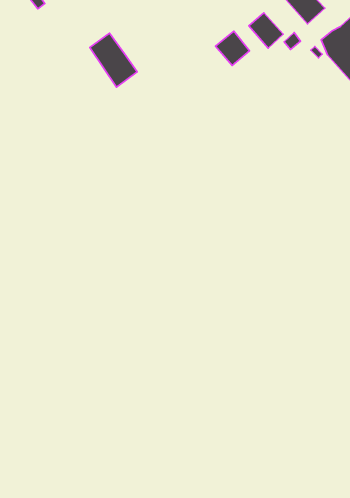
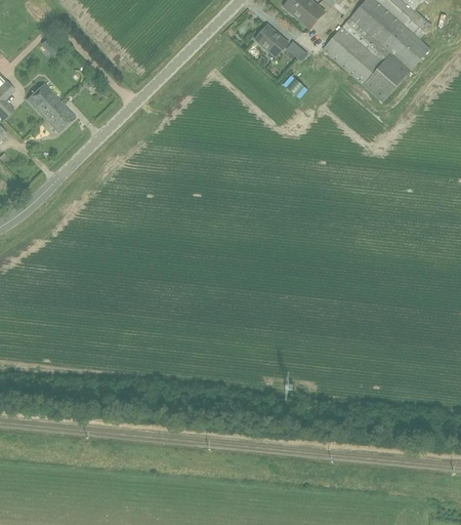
building: [215,31,250,66] -> none
building: [90,33,137,87] -> [26,83,74,133]

